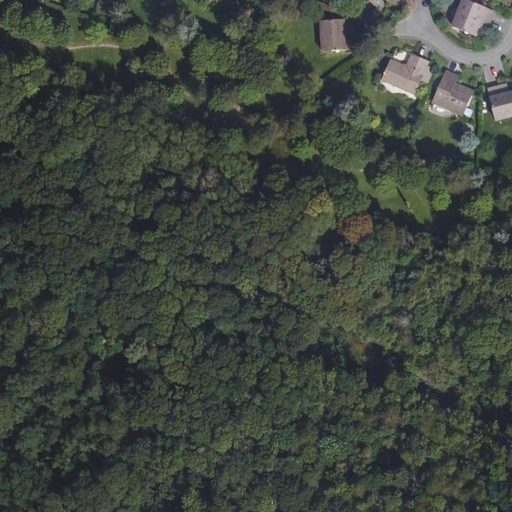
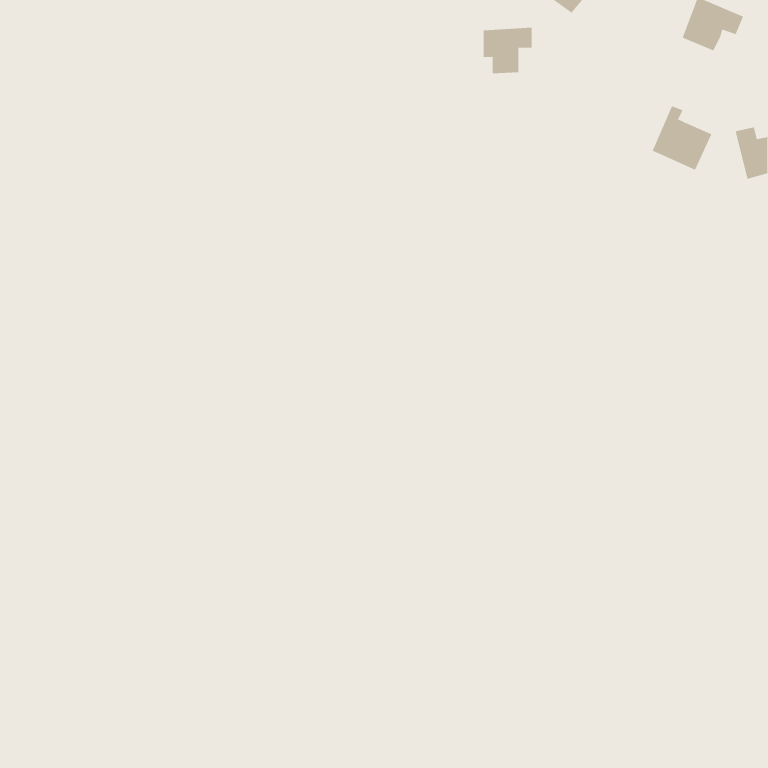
building: [382,53,435,91] -> none

